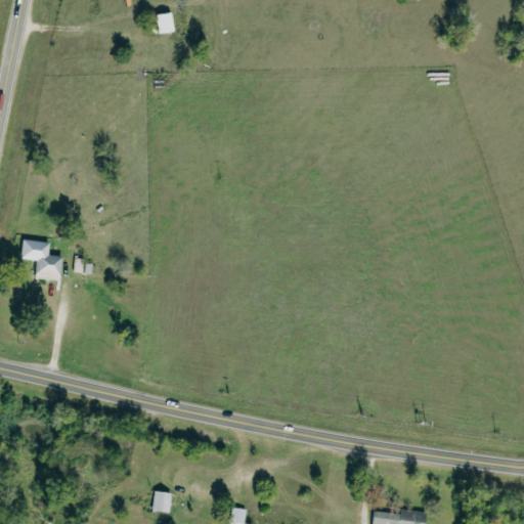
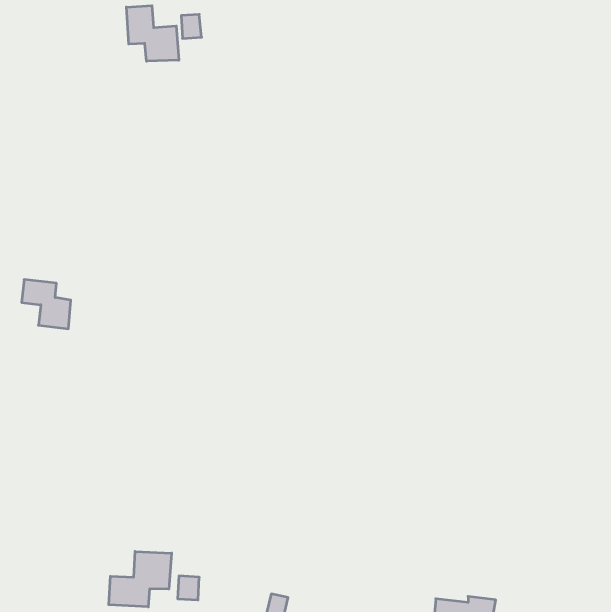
building: none -> [126,6,179,61]
building: none -> [109,551,172,607]

